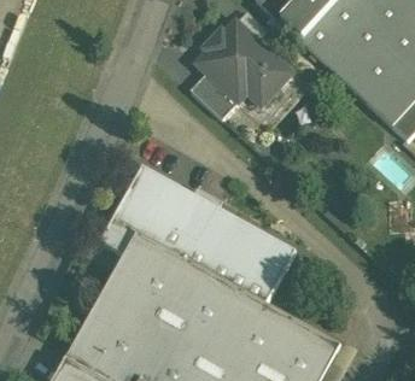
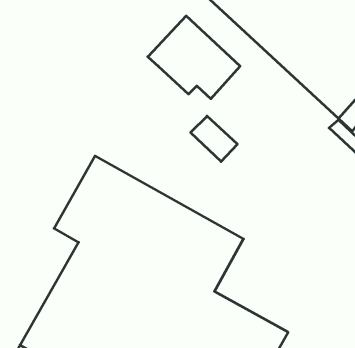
building: [189,71,238,118] -> [191,116,237,162]

